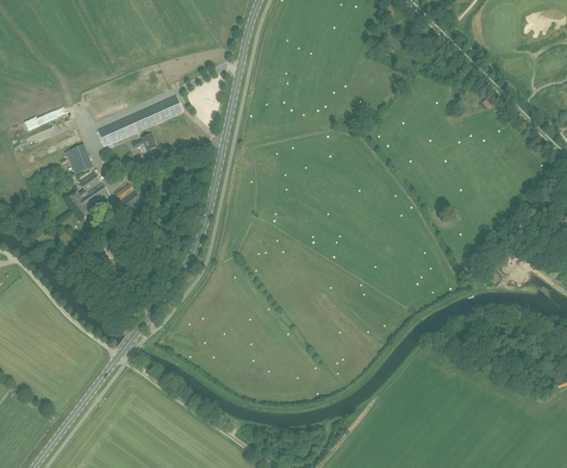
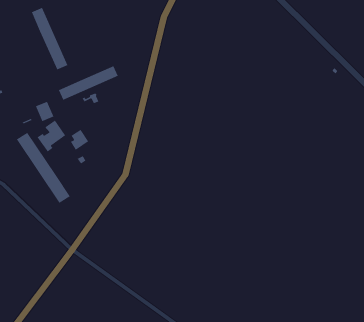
building: none -> [31,7,68,70]
building: none -> [16,132,71,204]

